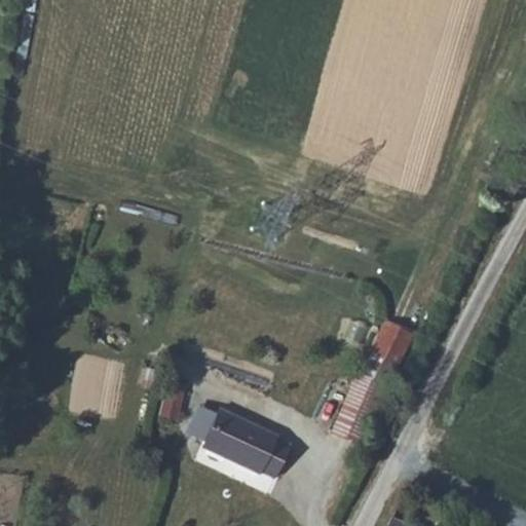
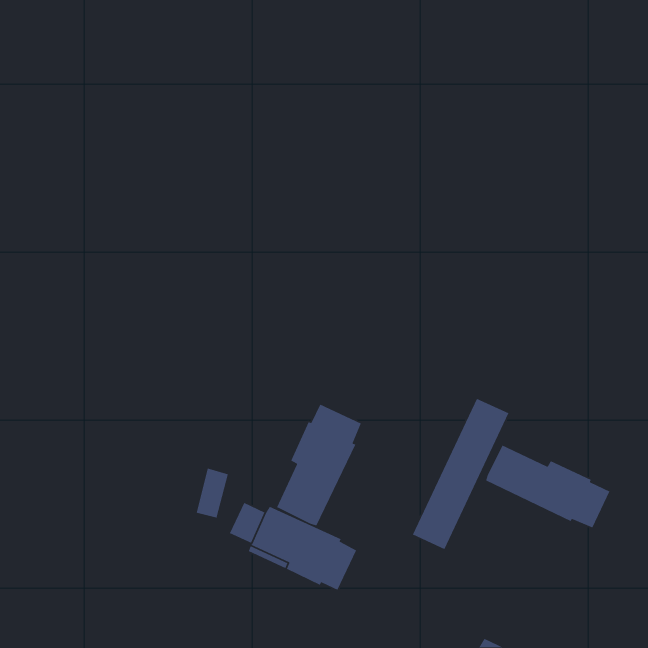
building: none -> [276,403,362,526]
building: none -> [485,444,610,528]

